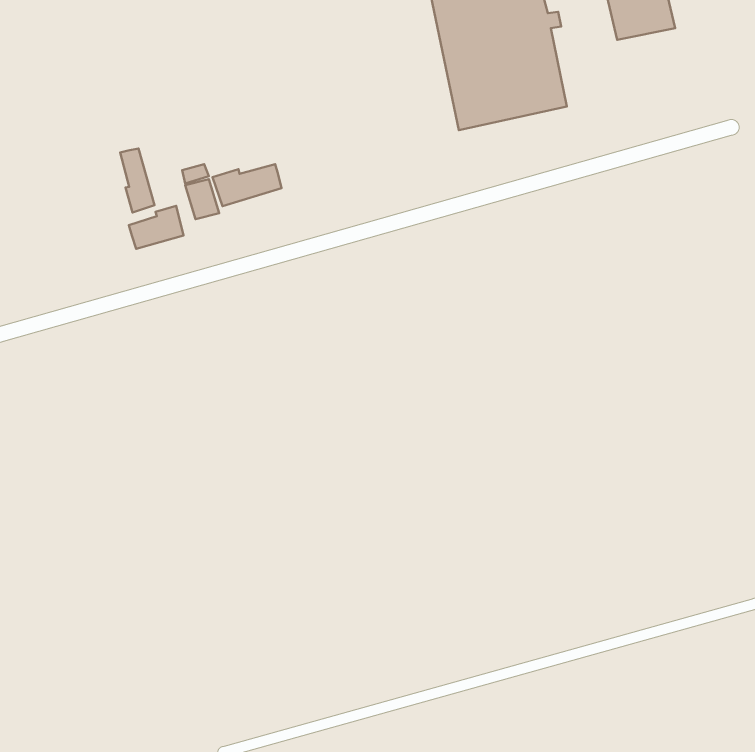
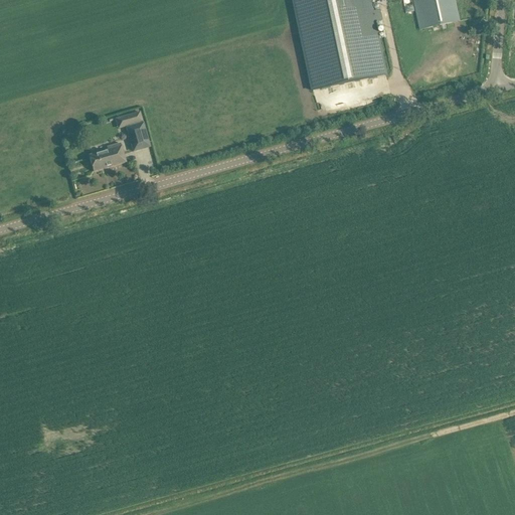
building: [120,148,154,213] -> none
building: [213,164,281,206] -> none

